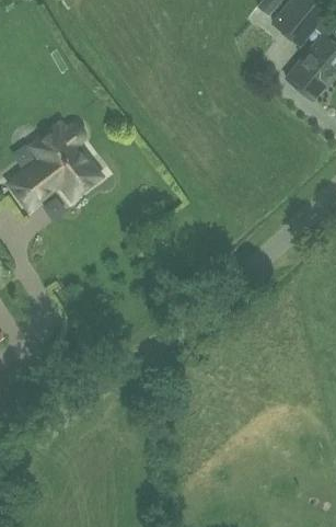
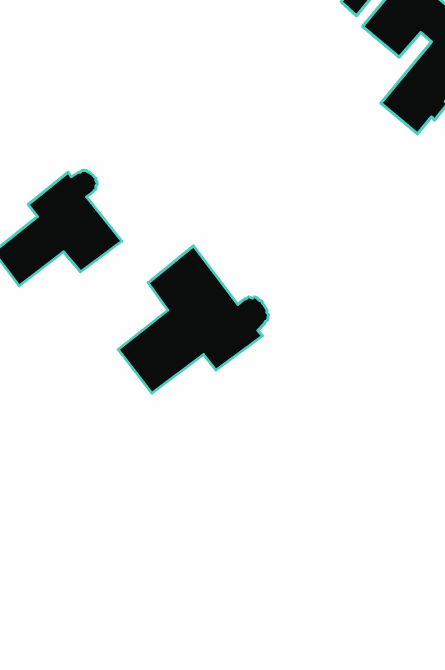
building: none -> [118,246,268,393]

